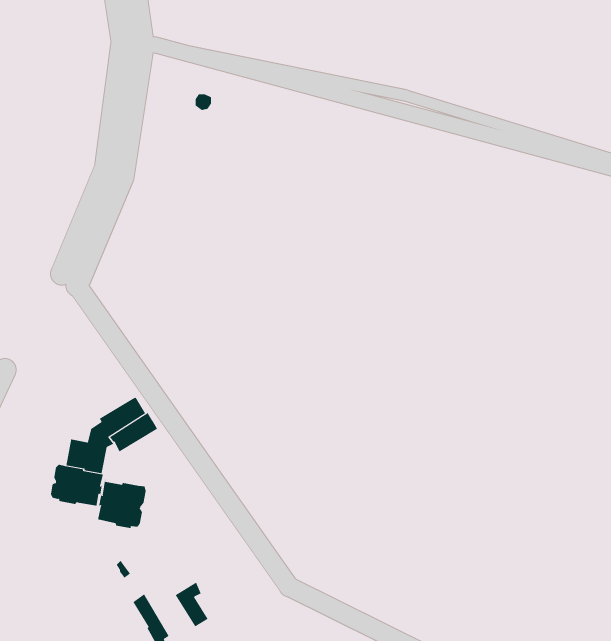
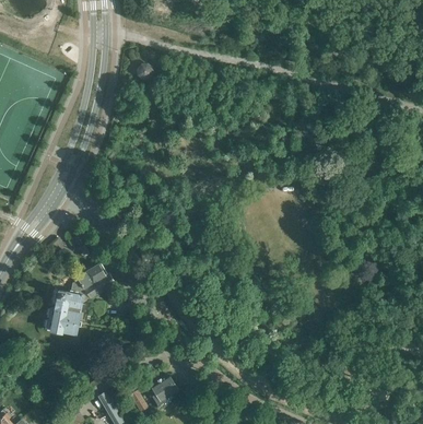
building: [97,478,146,529] -> none
building: none -> [151,375,180,409]

